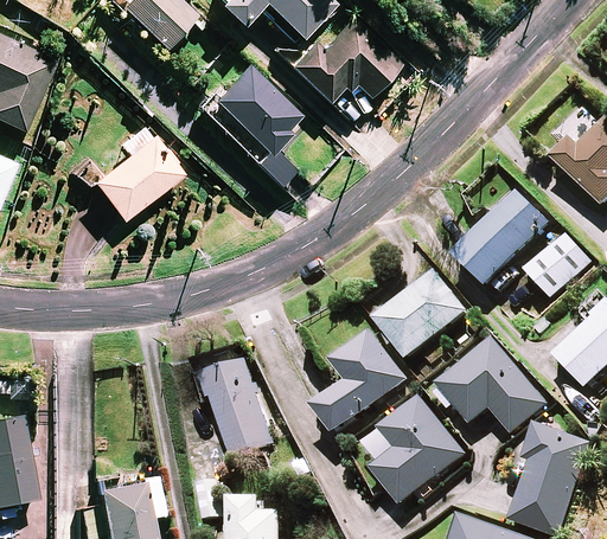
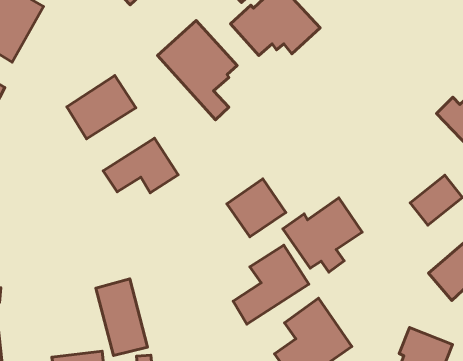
building: [451,187,549,285] -> none
building: none -> [103,138,178,193]
building: none -> [227,179,286,237]
building: [439,340,545,432] -> none
building: [202,358,270,454] -> [96,279,147,356]

